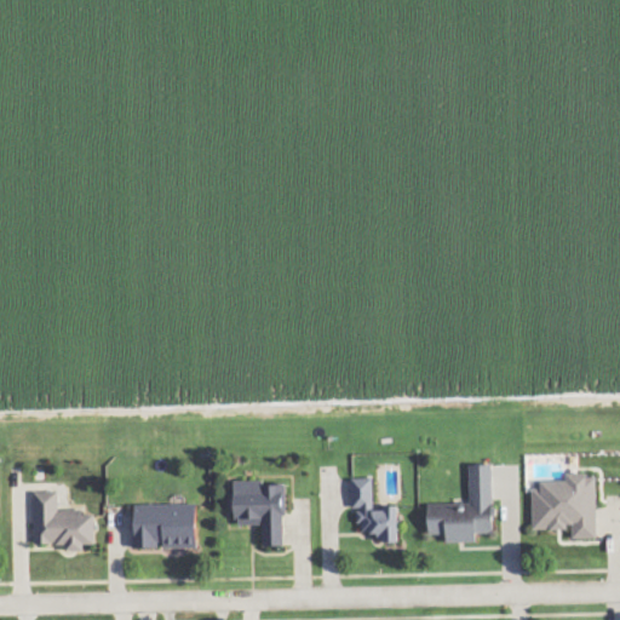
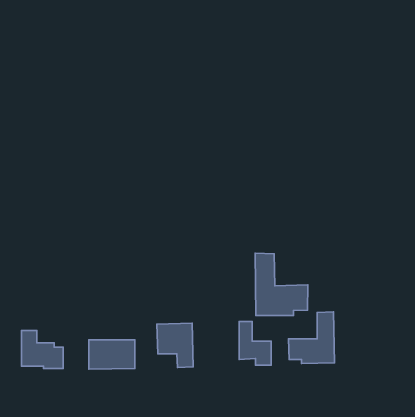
building: none -> [255,253,308,316]
building: [530,473,595,540] -> none

